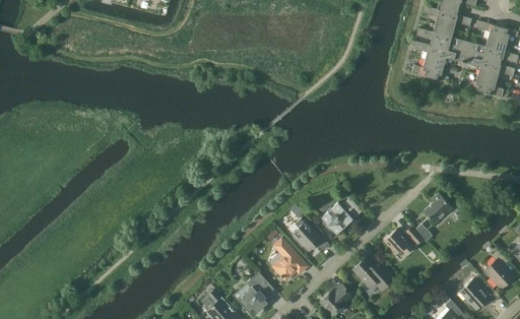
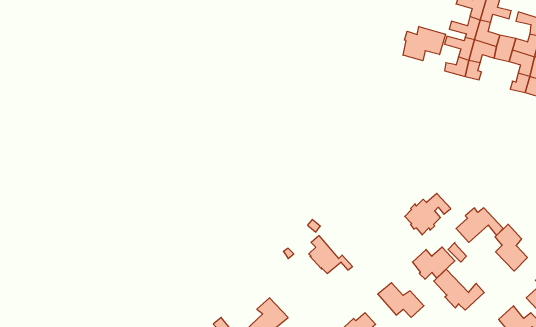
building: none -> [403,26,445,61]
building: [321,197,362,234] -> [405,193,451,235]
building: none -> [495,224,527,271]
building: [272,237,308,279] -> none
building: none -> [434,269,484,310]

